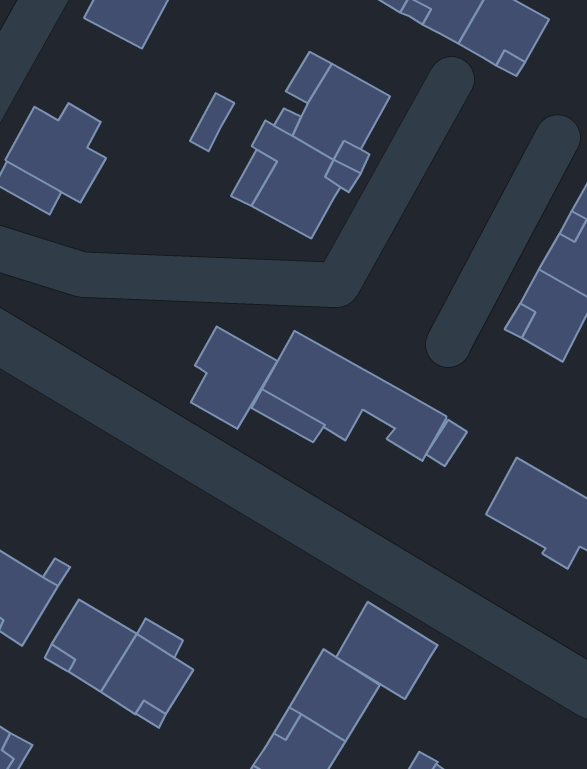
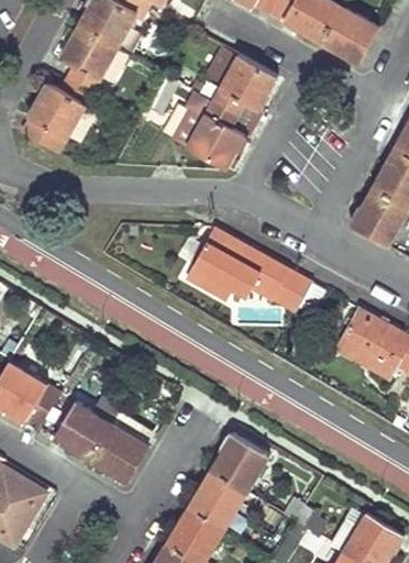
building: none -> [60,26,128,93]
building: [191,326,278,429] -> none
building: [336,602,438,699] -> none

